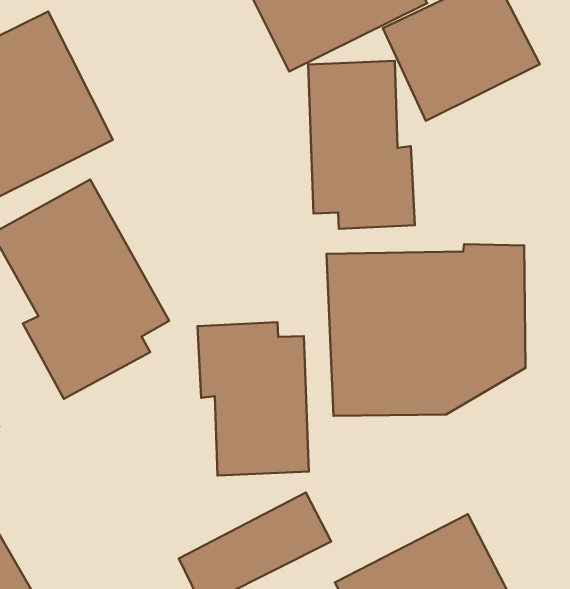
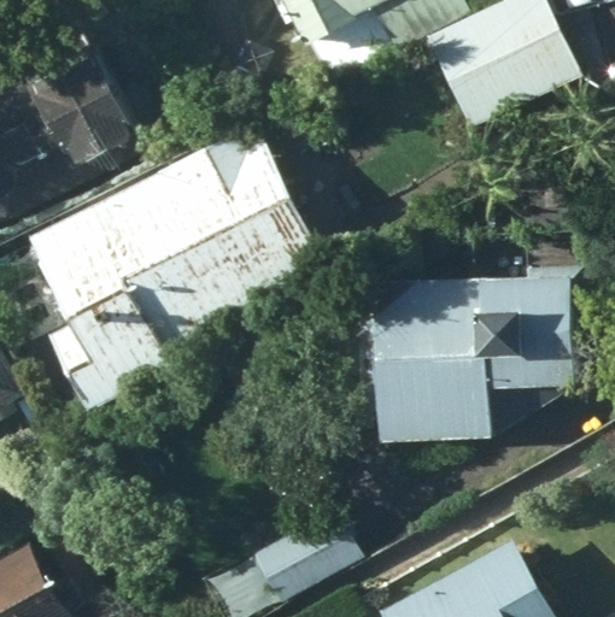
building: [308,61,415,229] -> none
building: none -> [122,123,333,337]
building: [197,322,309,475] -> none

